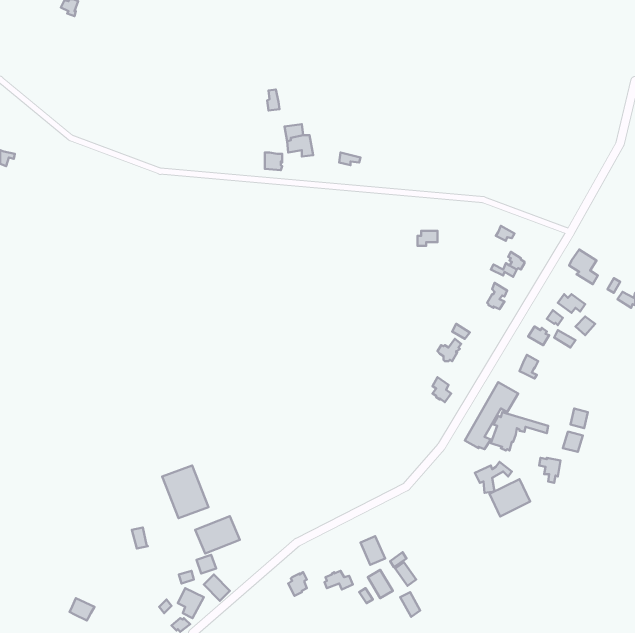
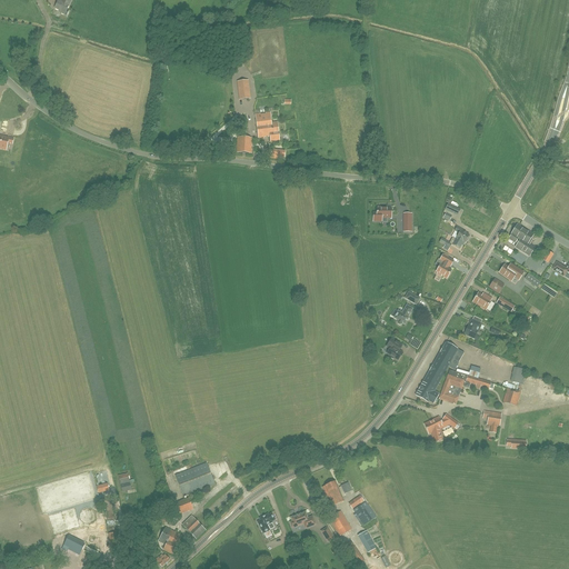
building: [162,466,208,518] -> none
building: [490,479,530,516] -> none

